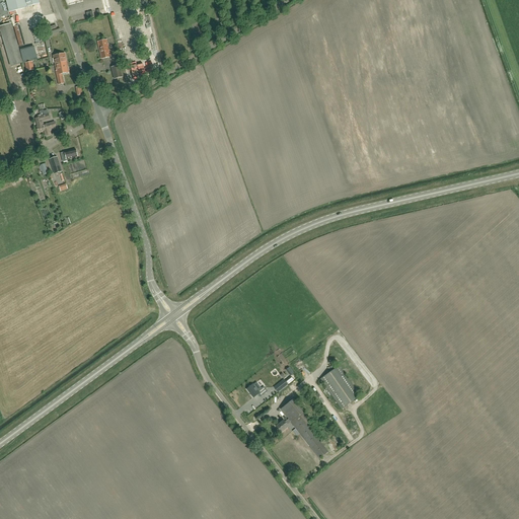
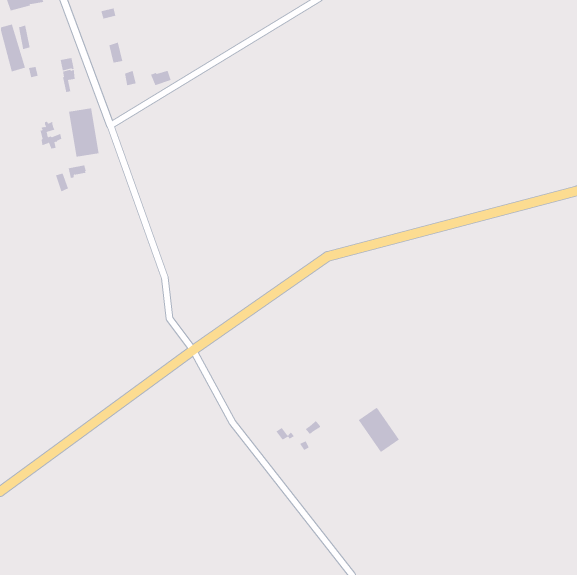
building: none -> [68,108,99,157]
building: [276,398,327,456] -> none

